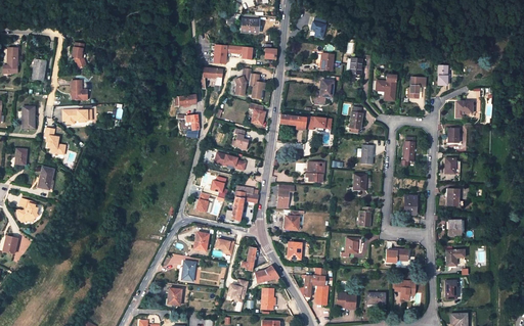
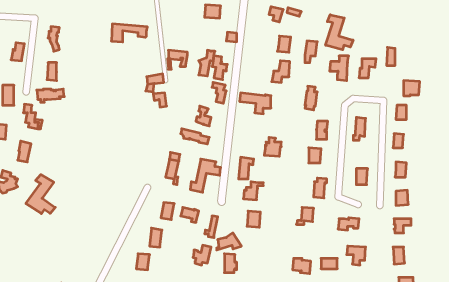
building: none -> [326,15,353,50]
building: [213,45,252,64] -> [111,24,147,42]
building: none -> [26,175,55,214]
building: [303,269,328,305] -> none

